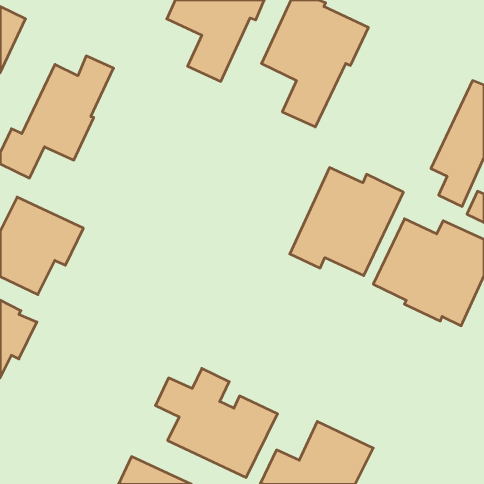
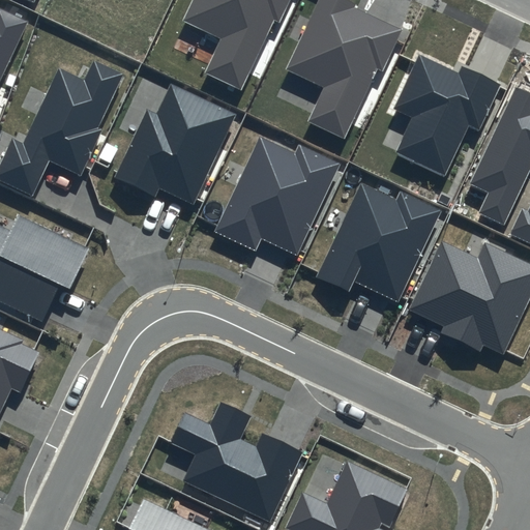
building: none -> [392,54,500,178]
building: none -> [114,84,235,204]
building: none -> [214,136,341,255]

